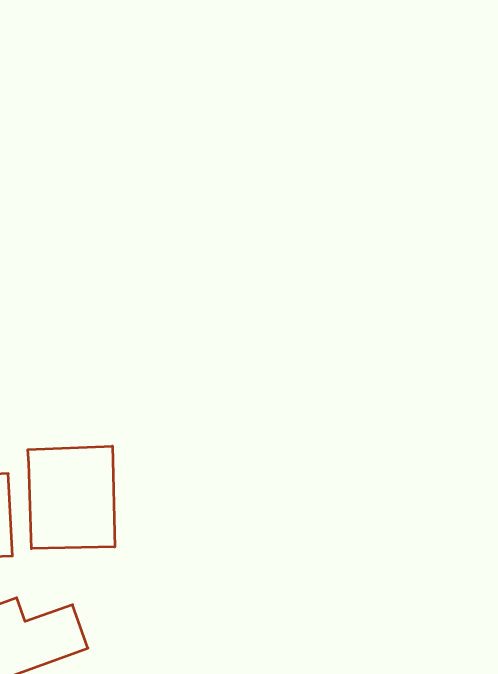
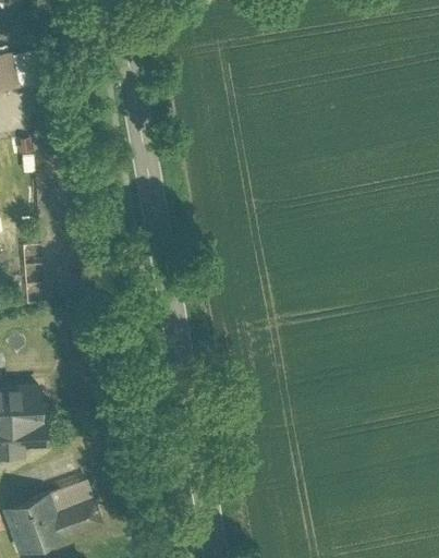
building: [28,446,115,549] -> none

